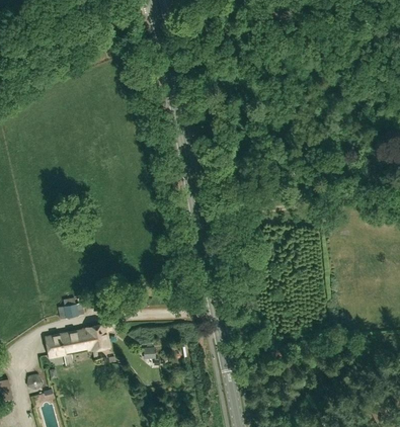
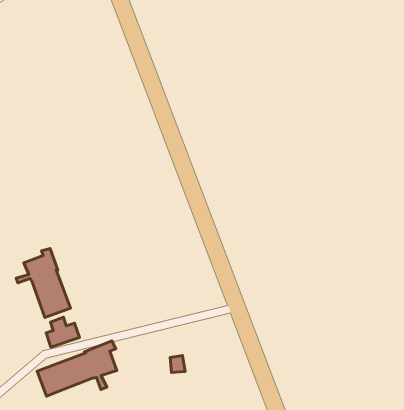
building: none -> [16,248,70,318]

